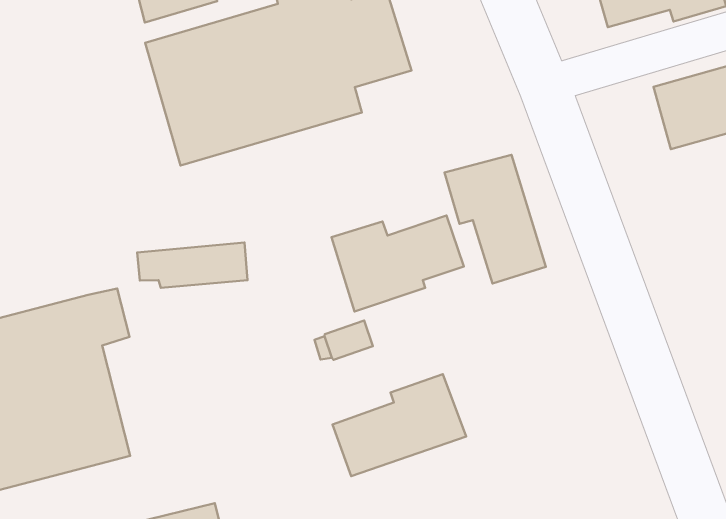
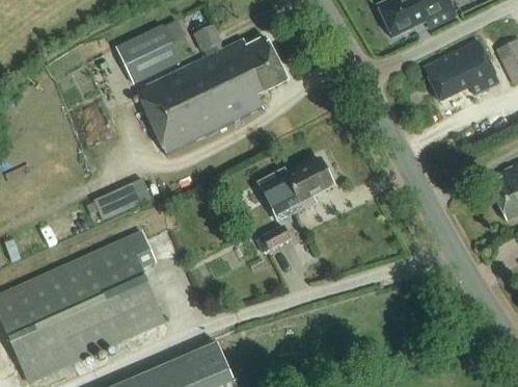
building: [444,155,546,283] -> none
building: [137,242,248,288] -> [86,179,151,212]
building: [332,374,466,476] -> none

